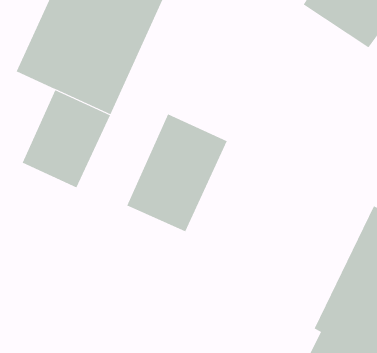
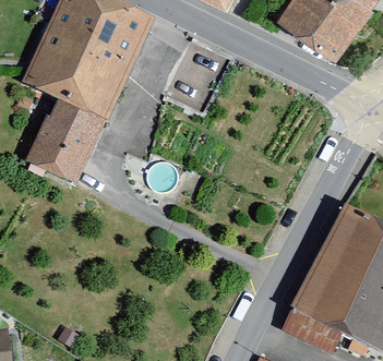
building: [127,113,228,232] -> none

